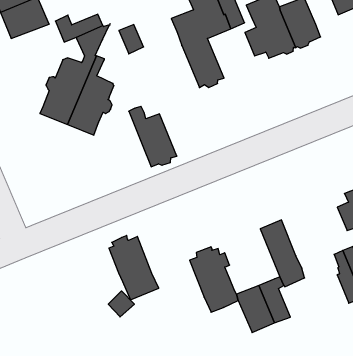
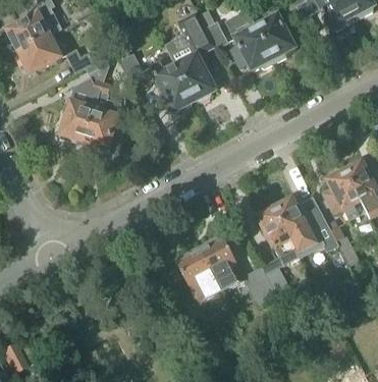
building: [129,106,177,167] -> [150,60,195,111]
building: none -> [274,199,325,256]
building: [109,235,159,300] -> [176,249,222,304]

